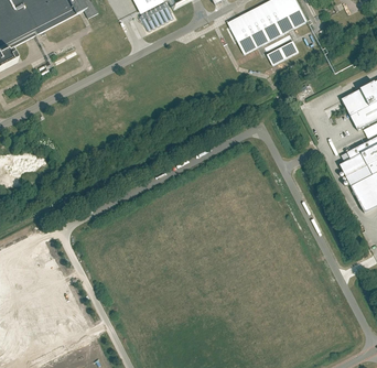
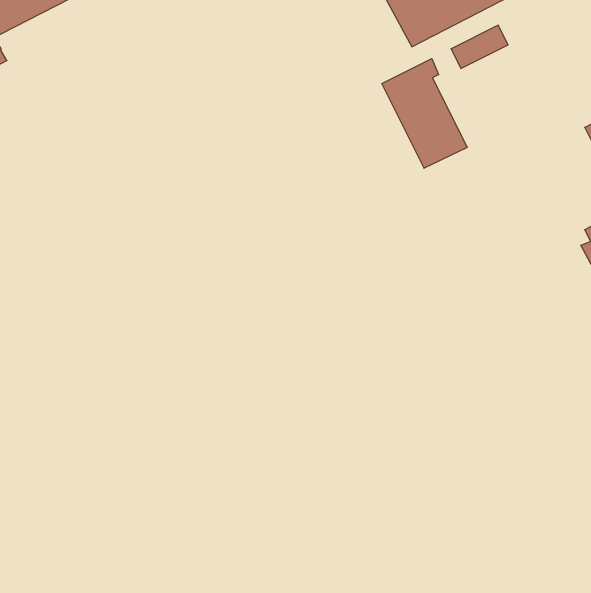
building: none -> [382,59,467,168]

